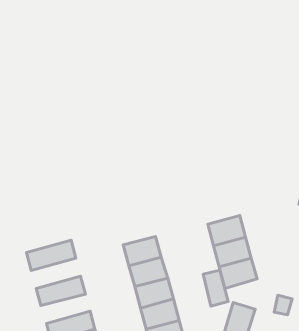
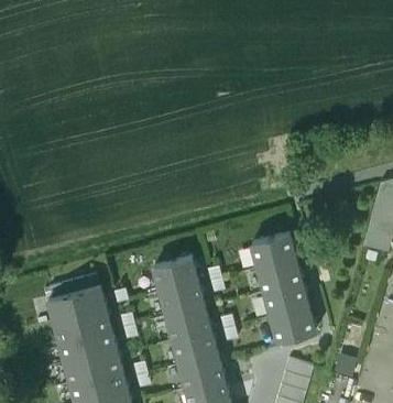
building: none -> [251,235,295,269]
building: none -> [153,259,197,293]
building: none -> [53,308,110,344]
building: [203,270,228,306] -> none
building: none -> [64,350,121,384]

